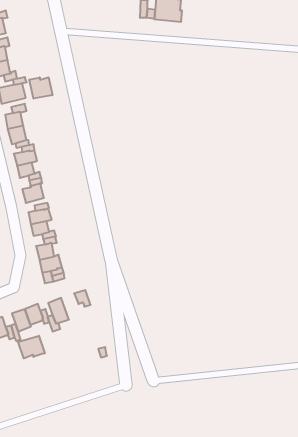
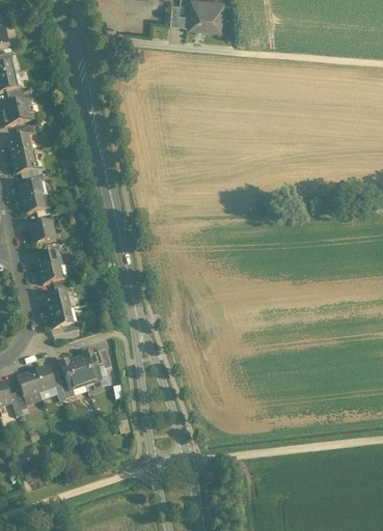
building: [29,77,52,99] -> none
building: none -> [76,354,101,385]
building: [18,336,45,358] -> none

